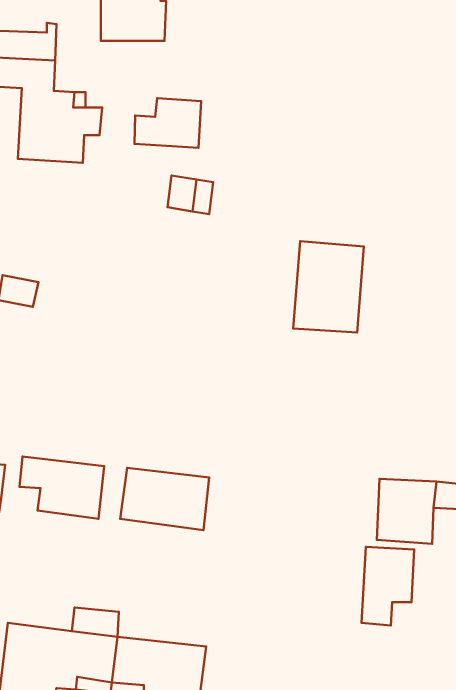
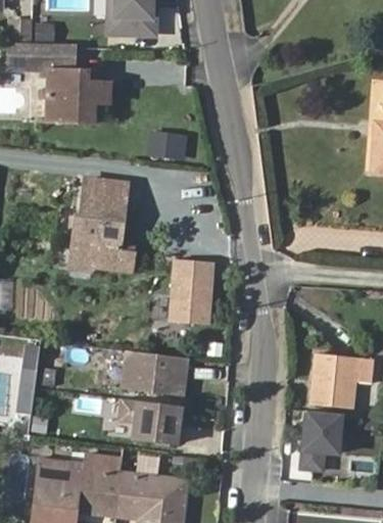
building: [134,98,201,148] -> none
building: none -> [63,178,134,275]
building: [293,241,364,333] -> [164,257,217,325]
building: [20,456,104,519] -> [119,397,182,443]

